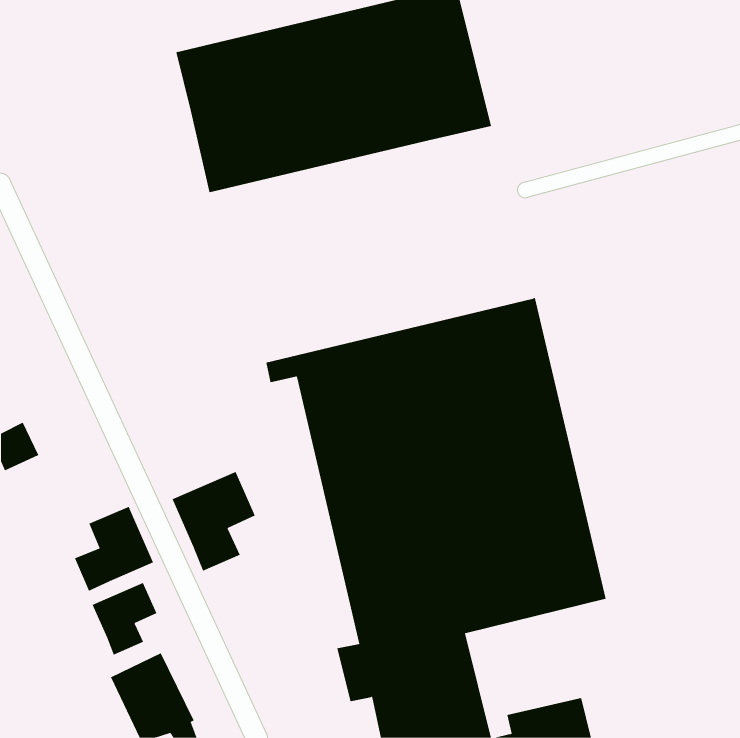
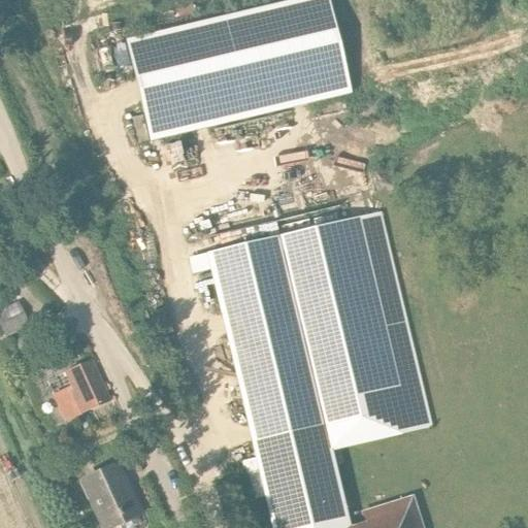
building: [172,471,256,572] -> none
building: [92,582,157,655] -> none

